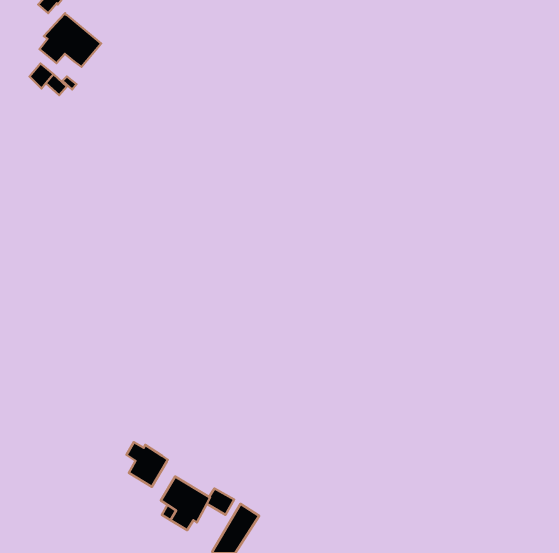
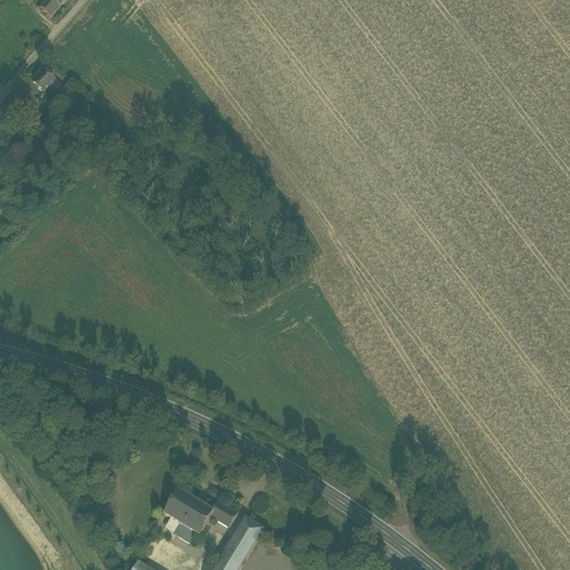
building: [40,13,101,67] -> none
building: [126,442,168,487] -> none

